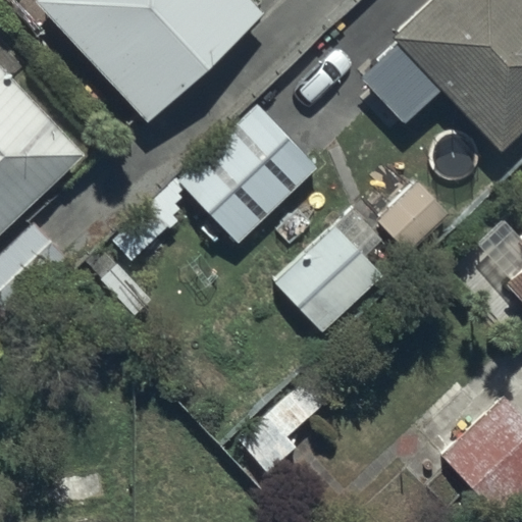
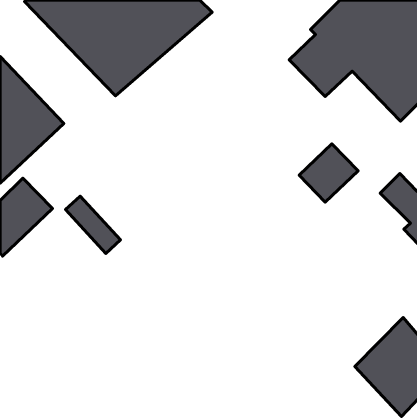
building: [179,104,316,241] -> none
building: [274,226,383,332] -> none

